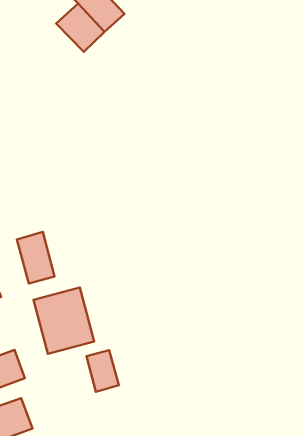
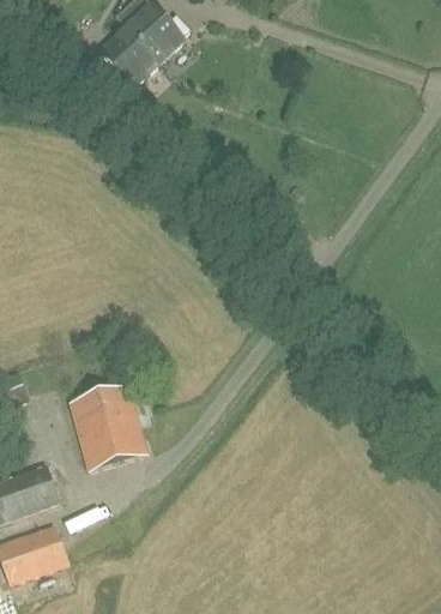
building: [17,232,55,283] -> none
building: [87,350,119,392] -> none

